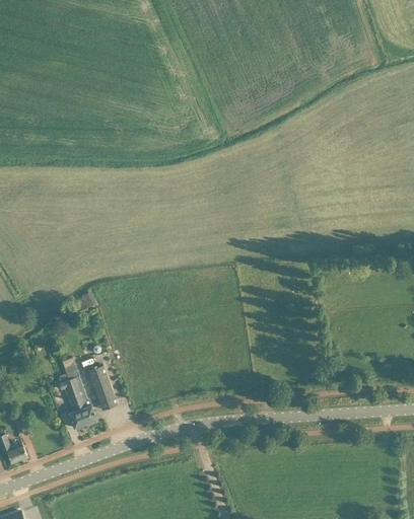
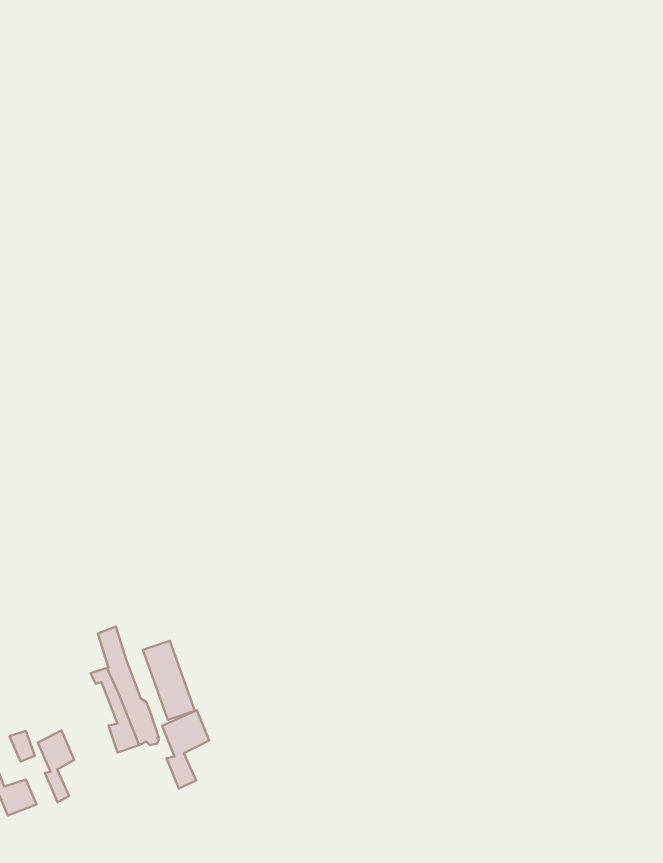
building: none -> [162,710,209,788]
building: none -> [38,730,74,802]

